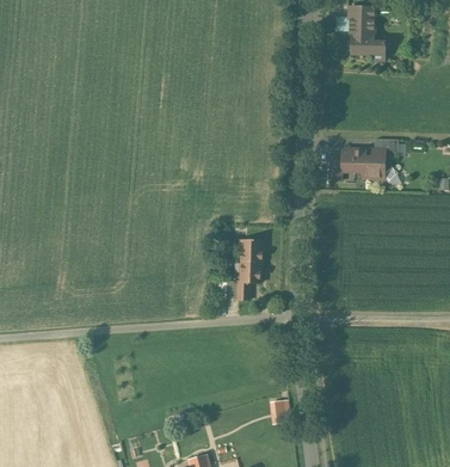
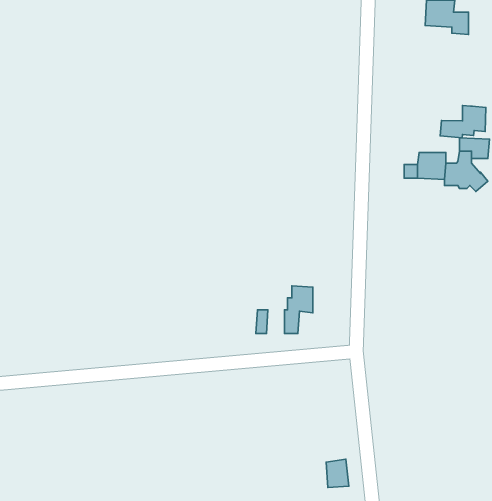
building: none -> [440,105,486,138]
building: [240,238,263,269] -> none

